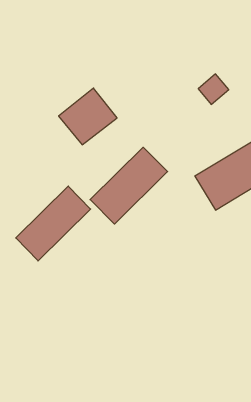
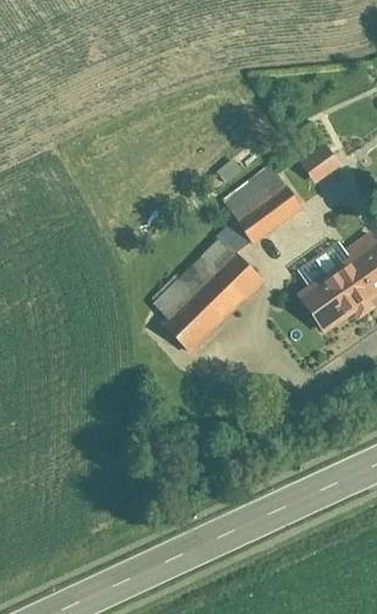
building: [59,88,117,145] -> [221,163,301,242]
building: [16,186,91,261] -> none

